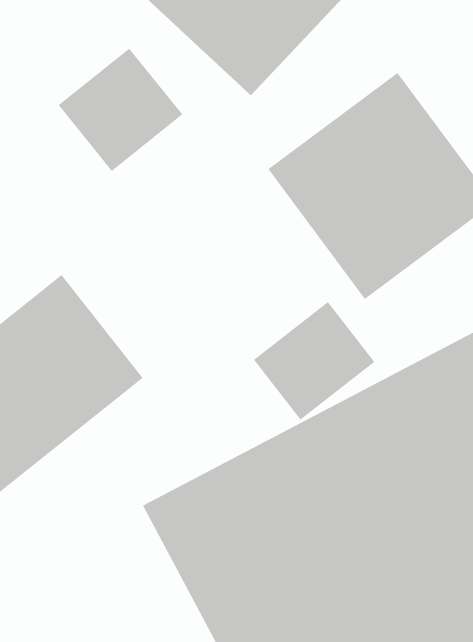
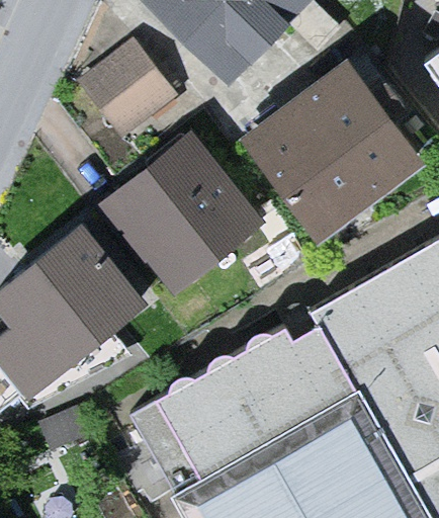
building: none -> [100,137,259,294]
building: [253,301,375,421] -> none

